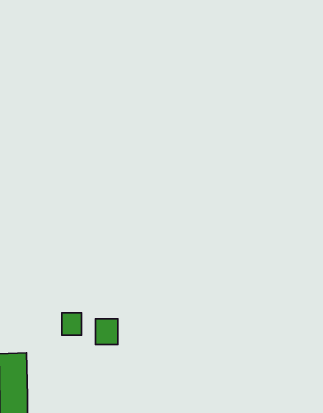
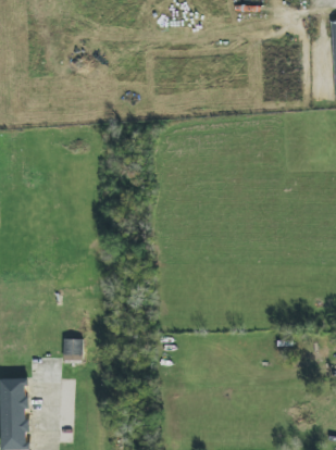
building: [96,319,118,344] -> none

